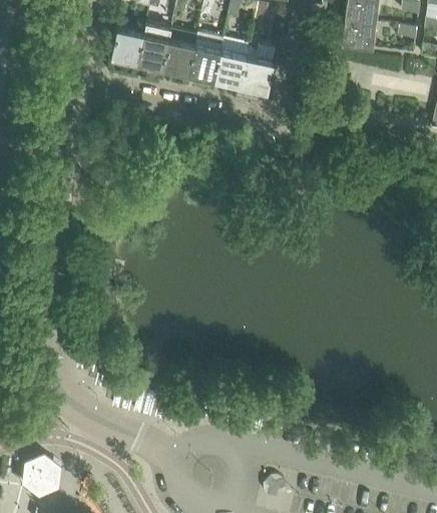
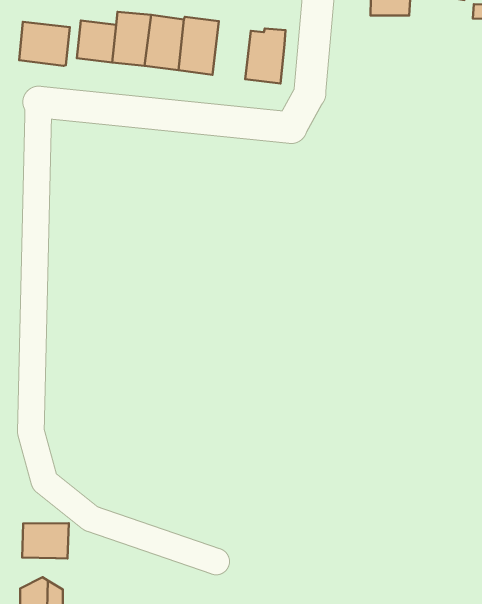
building: none -> [19,22,70,66]
building: [214,39,249,86] -> none
building: none -> [22,523,69,558]

